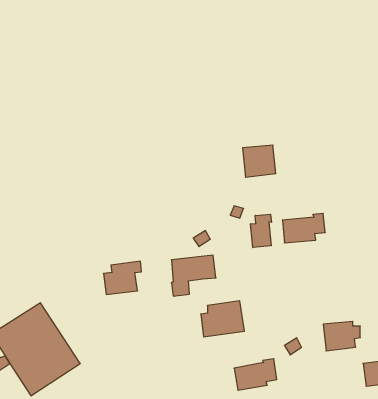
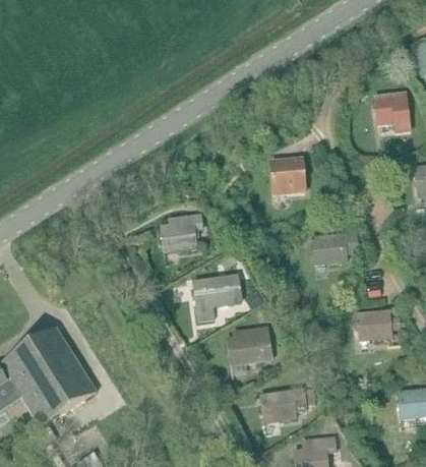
building: none -> [374,94,409,132]
building: [251,214,271,248] -> none
building: [103,261,141,294] -> [160,214,200,249]
building: [323,321,360,351] -> [359,310,399,342]

